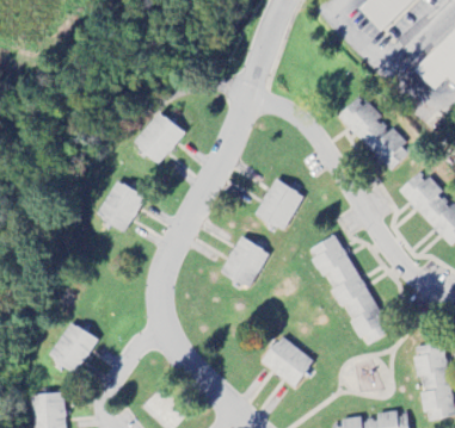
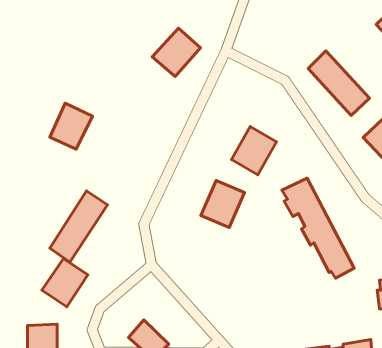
building: [134,112,186,165] -> [152,28,200,77]
building: [99,181,146,231] -> [50,103,93,149]
building: none -> [50,191,108,262]
building: [262,335,314,387] -> none

